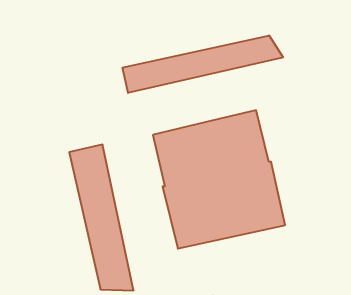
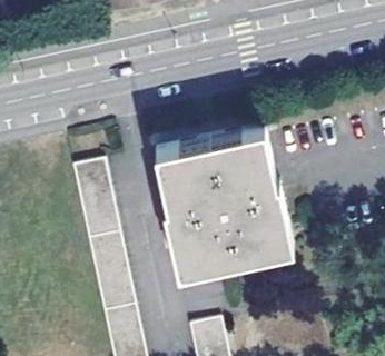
building: [123,35,283,93] -> none

